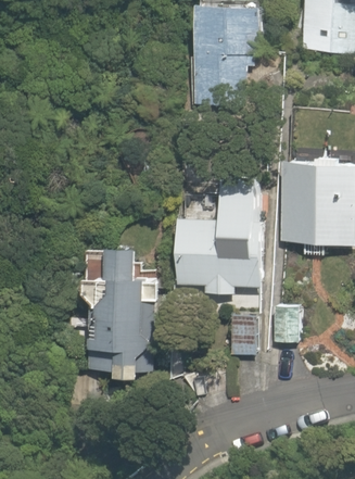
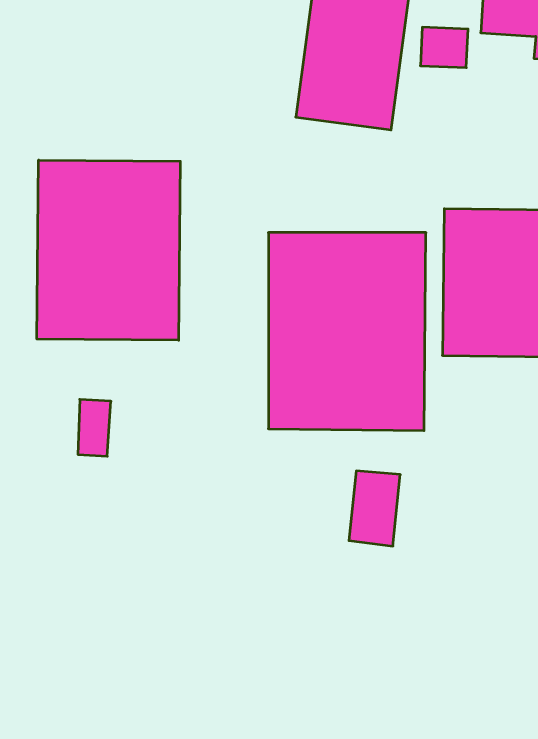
building: none -> [37,160,180,340]
building: [83,244,152,374] -> none

